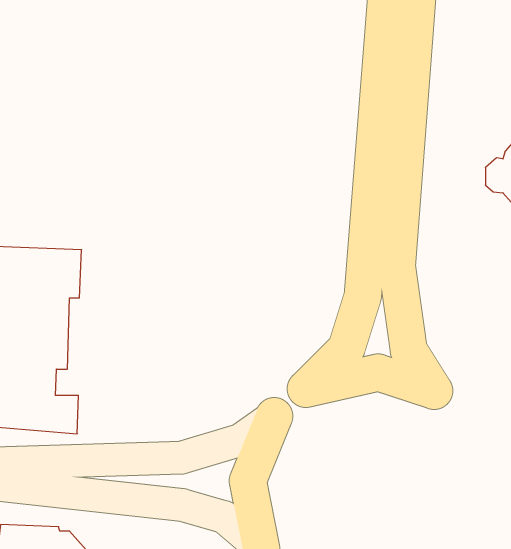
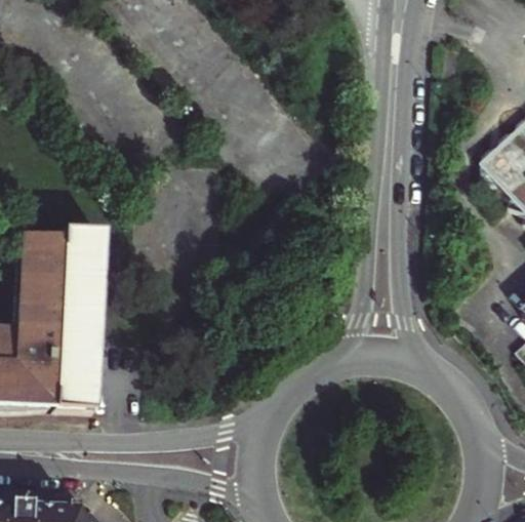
building: none -> [78,281,110,373]

